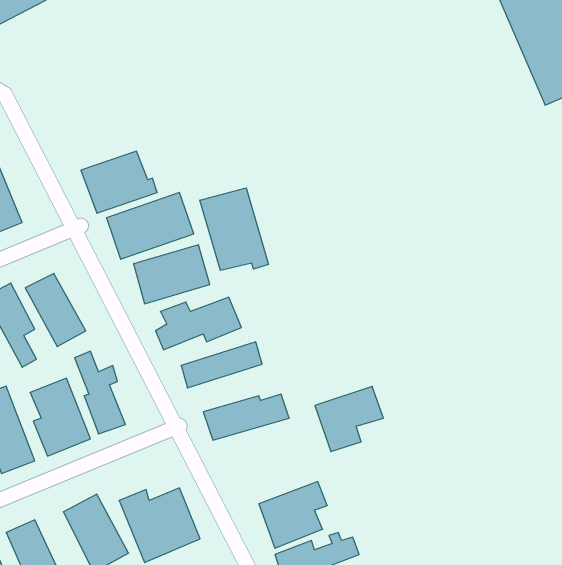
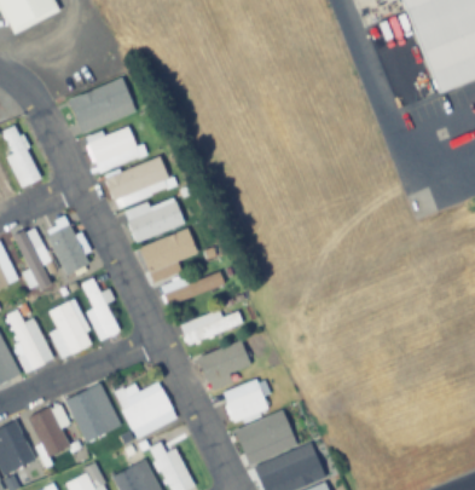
building: none -> [69,77,135,131]
building: [200,188,269,270] -> none
building: [315,386,383,452] -> [198,341,250,391]

